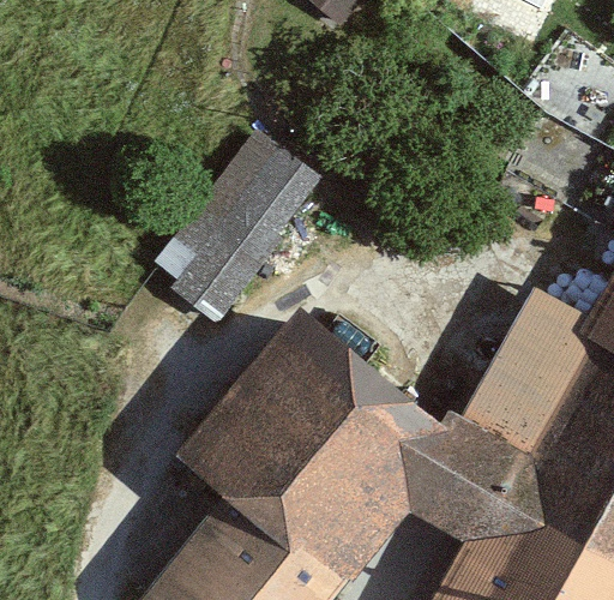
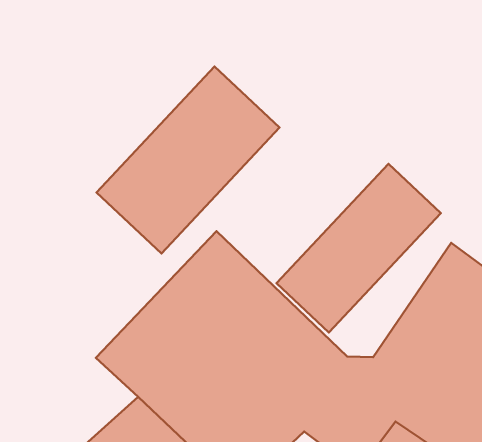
building: none -> [277,164,441,332]

